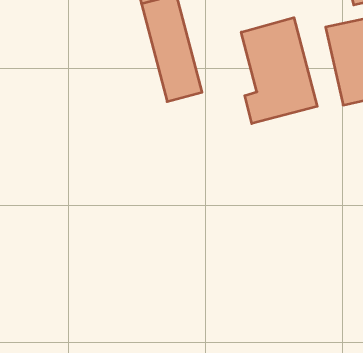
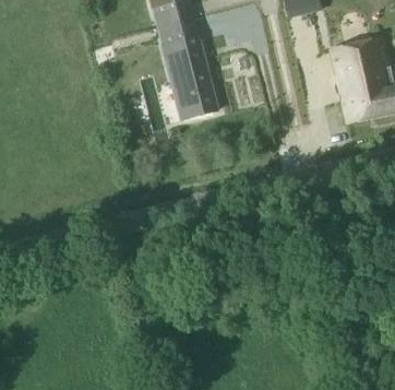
building: [241,18,317,124] -> none

